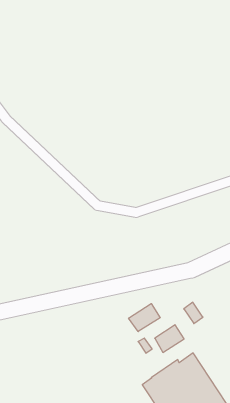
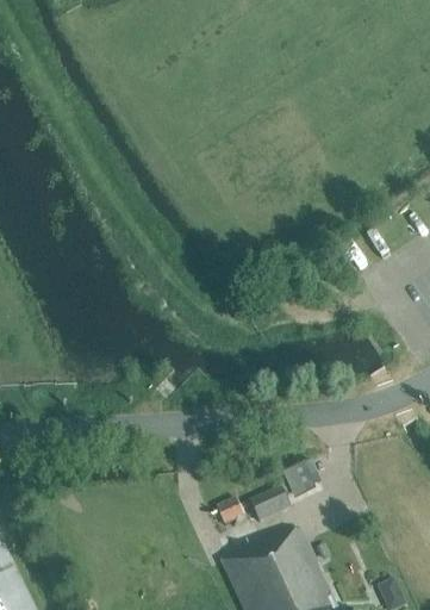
building: [129,304,160,332] -> none

